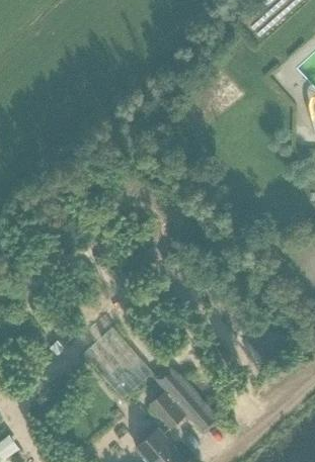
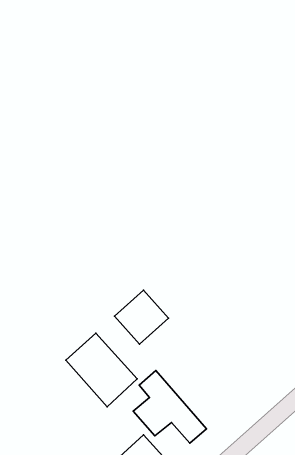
building: none -> [115,290,169,344]

